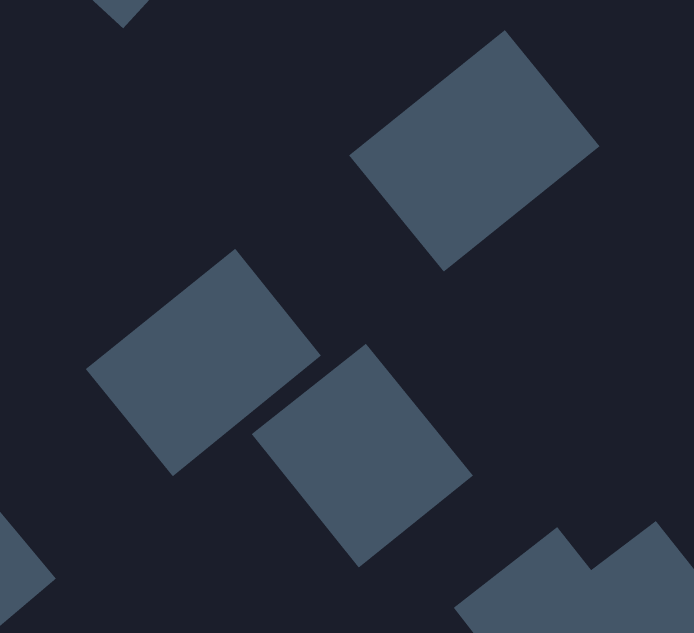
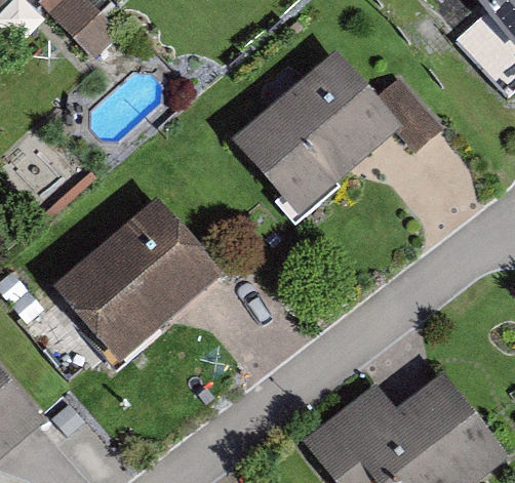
building: [251,343,474,568] -> none

